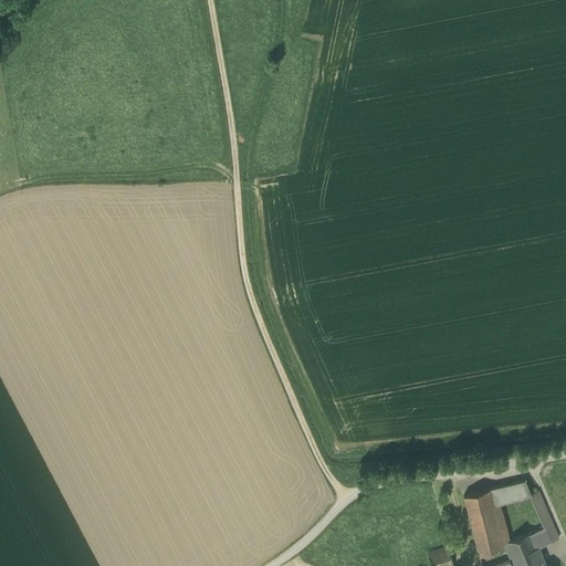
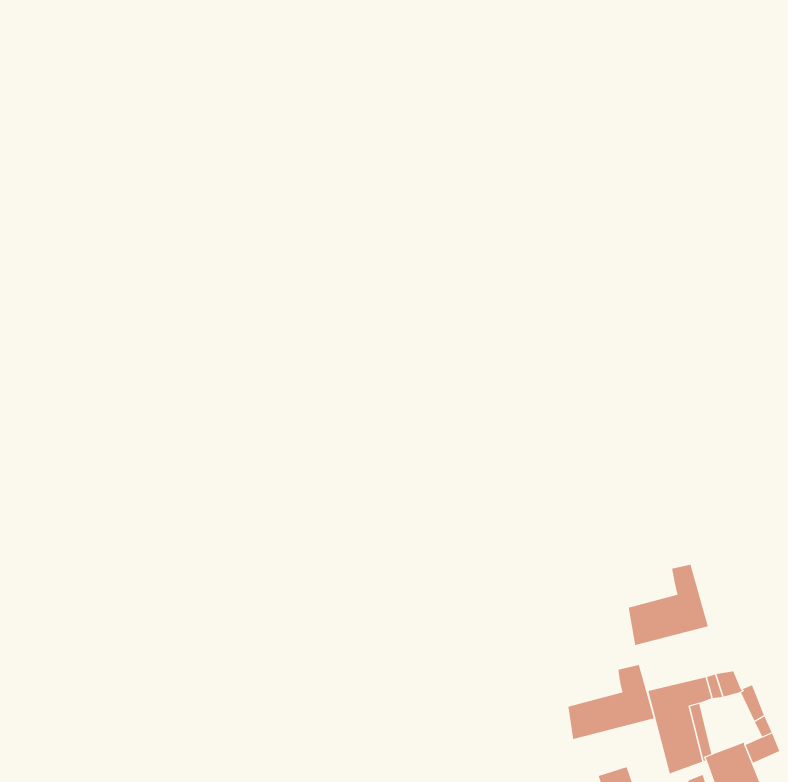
building: none -> [628,564,708,646]
building: none -> [568,664,655,740]

